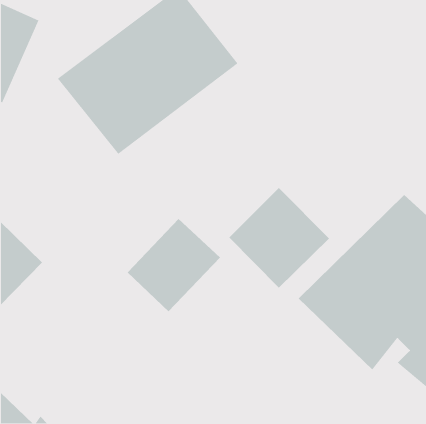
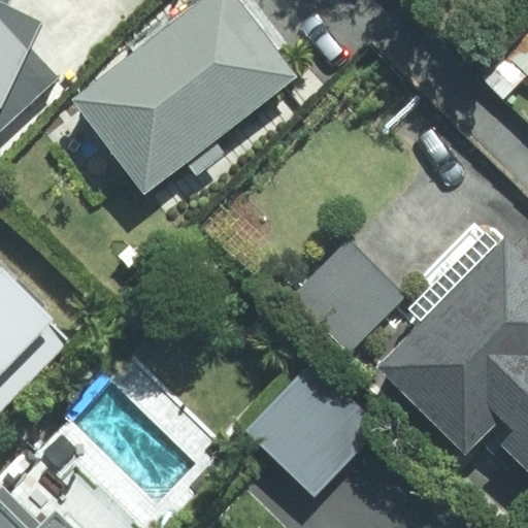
building: [127,218,221,312] -> none
building: none -> [238,358,381,502]

